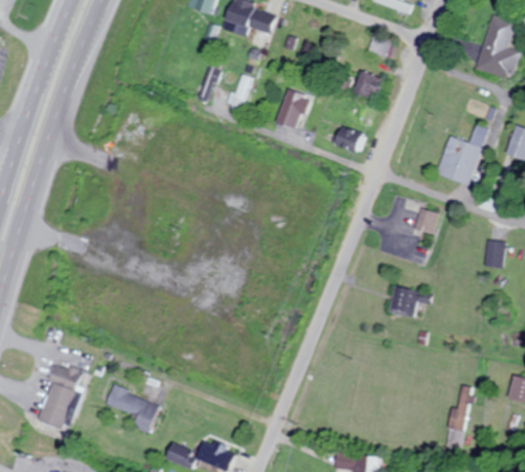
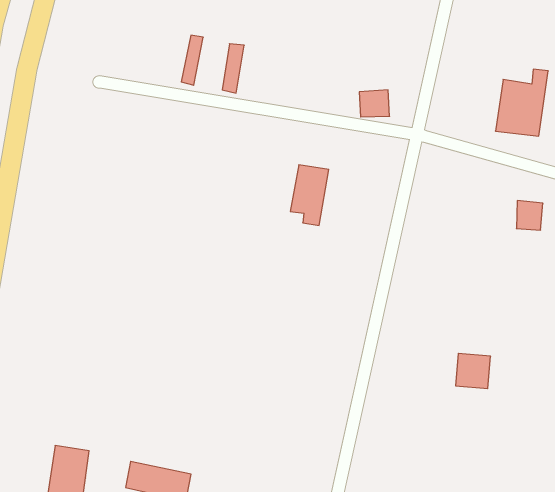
building: [351,70,381,100] -> none
building: [275,88,310,137] -> [290,165,329,225]
building: [415,207,439,233] -> [516,201,543,230]
building: [389,287,419,318] -> [456,353,491,389]

